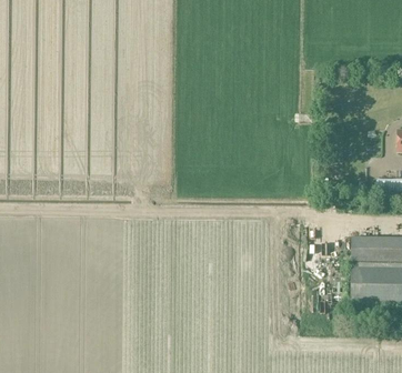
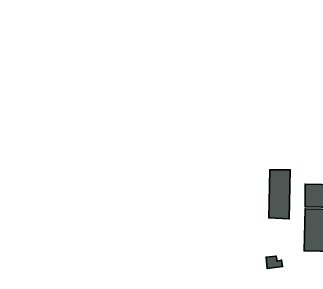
building: none -> [269,170,290,219]

